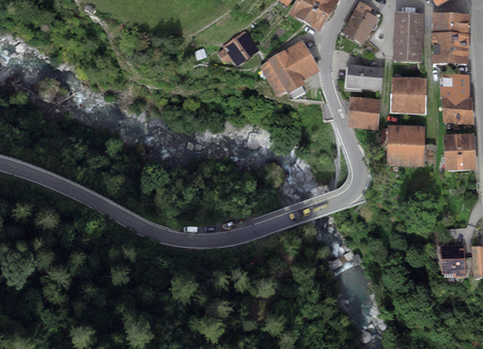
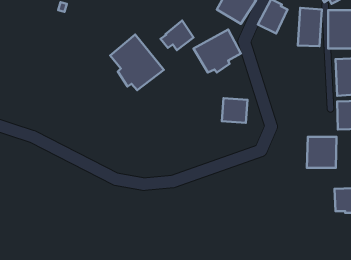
building: none -> [110,35,164,90]
building: [344,65,382,92] -> none
building: [390,78,426,115] -> none
building: [347,97,380,129] -> [222,98,247,123]
building: [386,126,424,166] -> [307,137,337,168]

